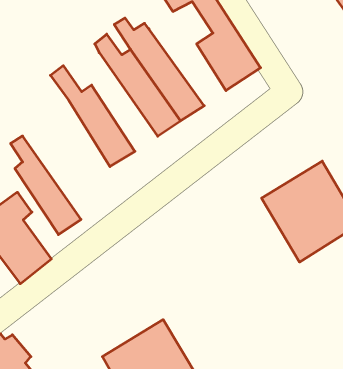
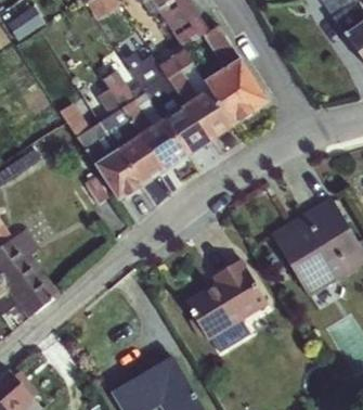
building: none -> [157,48,234,141]
building: [11,136,81,235] -> [95,88,166,187]
building: none -> [183,257,268,342]

